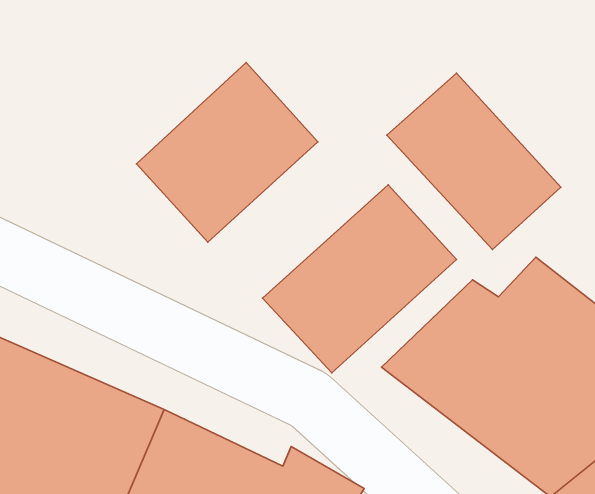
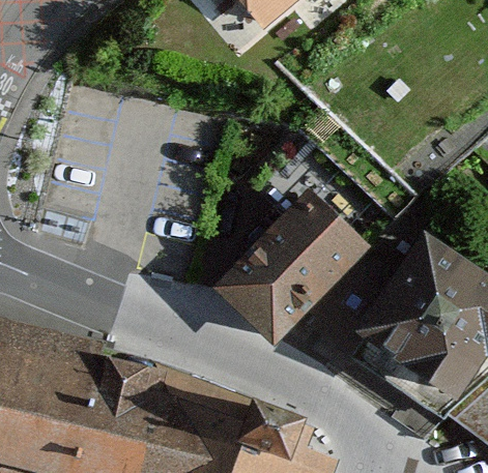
building: [136,62,318,242] -> none
building: [387,73,561,249] -> none

